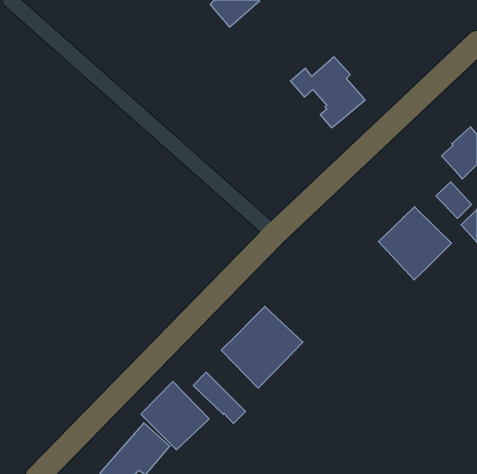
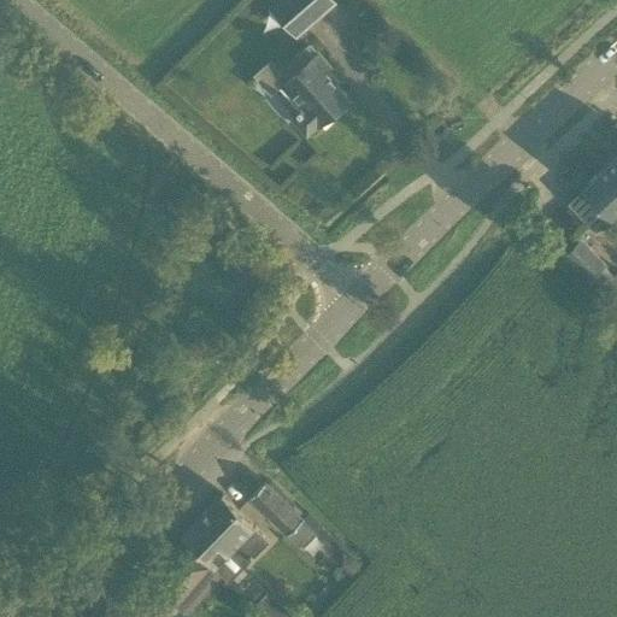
building: [290,57,365,128] -> [253,46,349,137]
building: [378,207,451,280] -> none
building: [221,306,303,388] -> none

